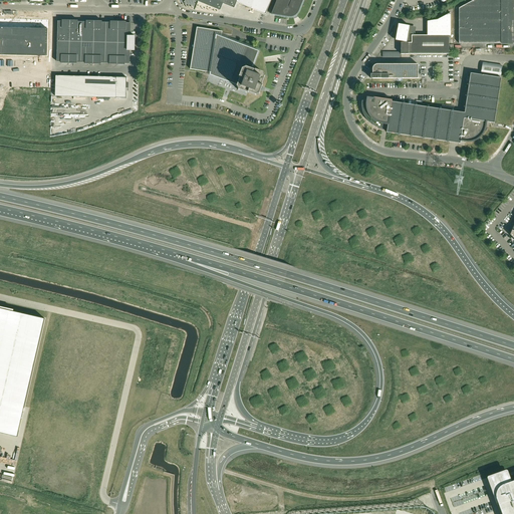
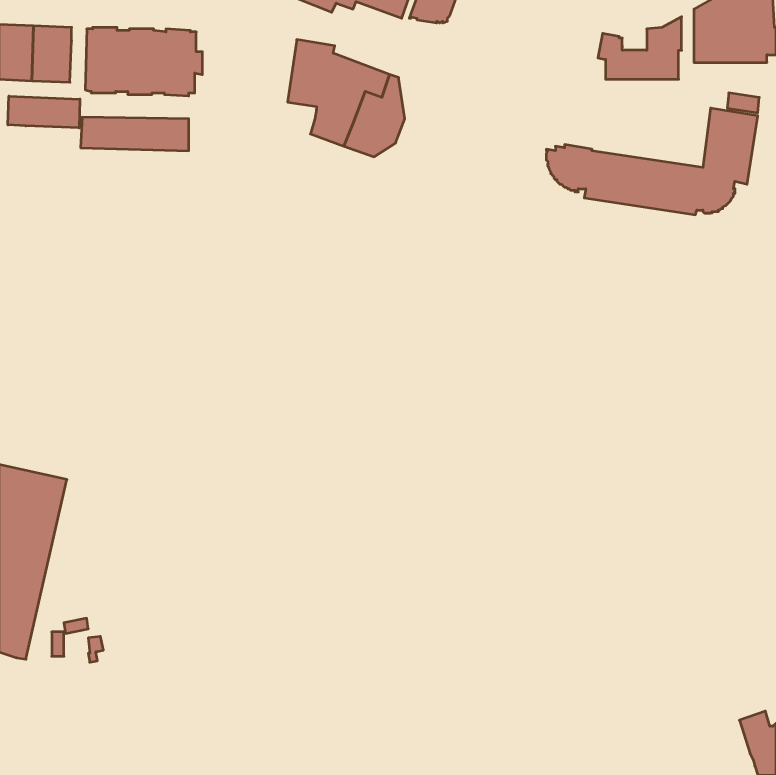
building: [369,62,417,76] -> none
building: none -> [8,96,80,128]

